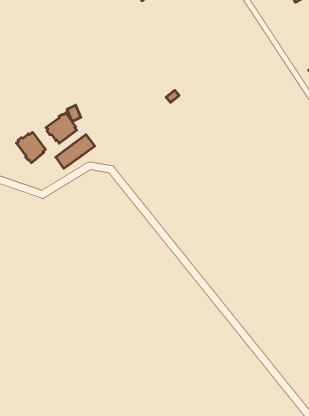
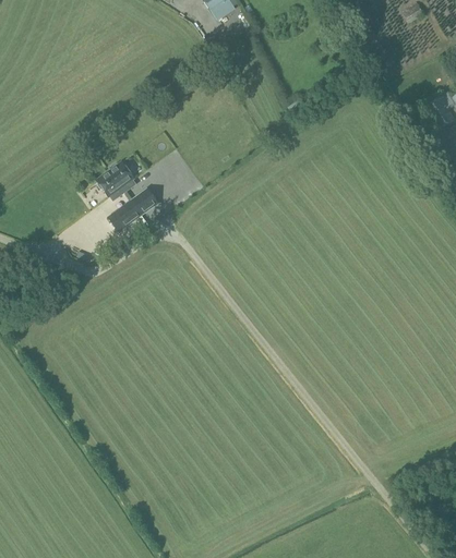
building: [16,132,45,163] -> none

